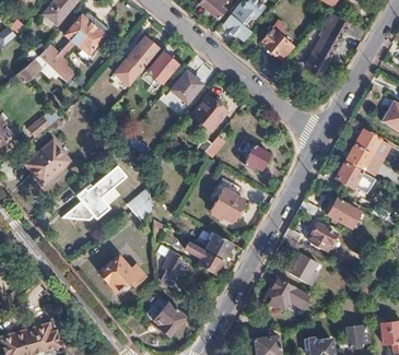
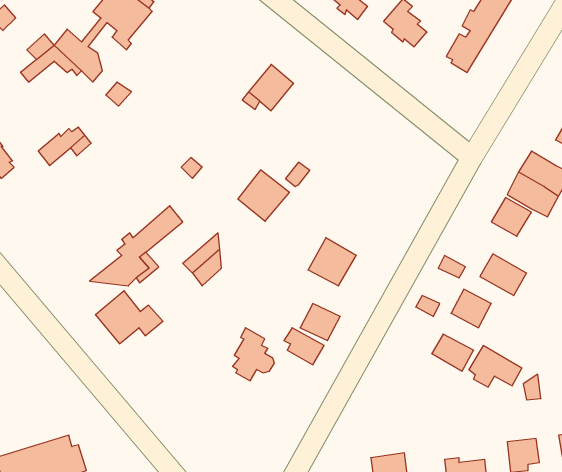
building: [115,36,157,83] -> none
building: [146,51,177,84] -> none
building: [191,95,226,130] -> [238,170,289,221]
building: [25,140,71,185] -> none
building: [238,142,269,170] -> none
building: [99,256,145,292] -> [95,291,163,344]
building: [267,279,303,307] -> [469,346,522,387]
building: [145,298,184,336] -> none

